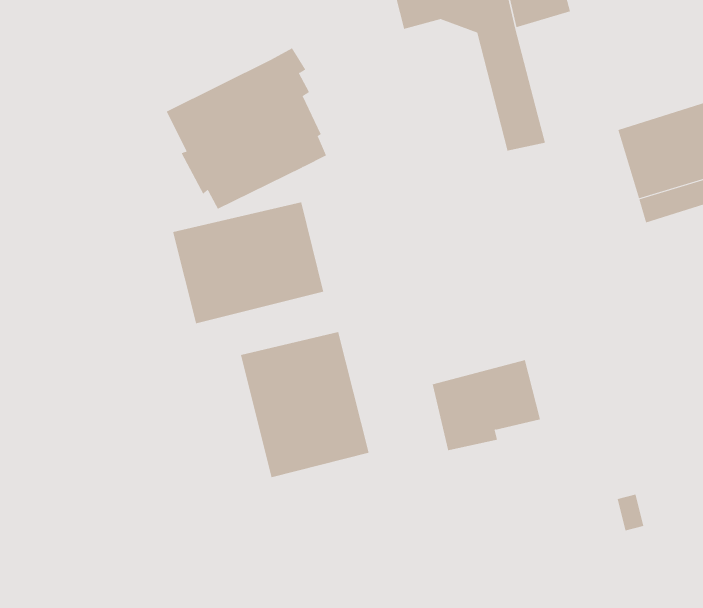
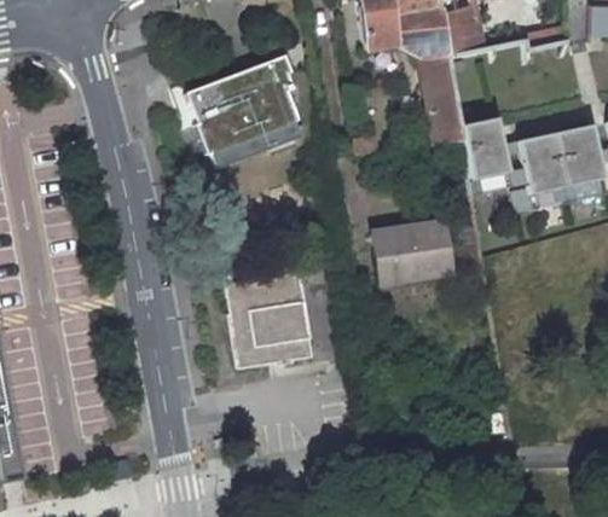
building: none -> [458,115,506,191]
building: [173,201,324,324] -> none
building: [432,360,541,451] -> [370,222,447,284]

